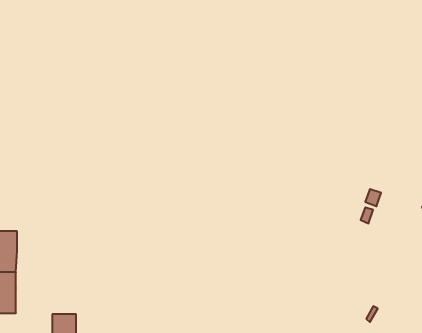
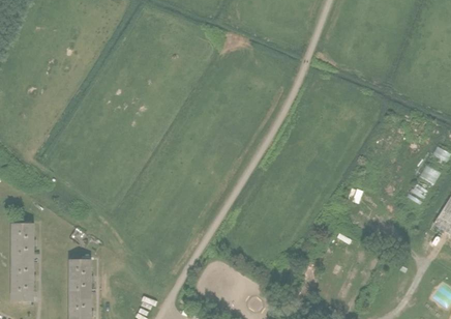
building: none -> [68,262,90,299]

